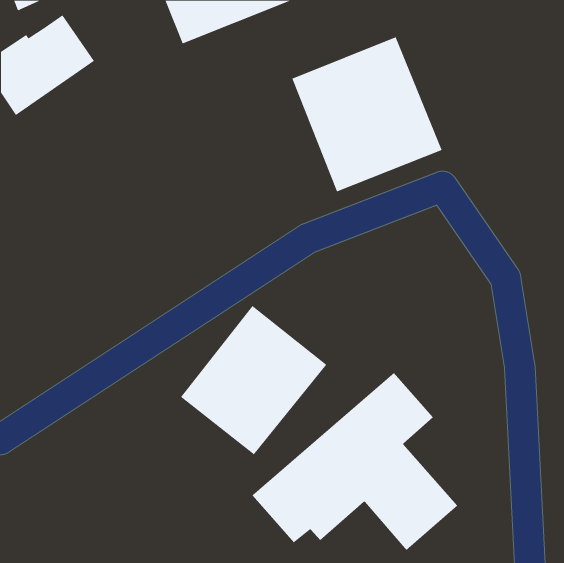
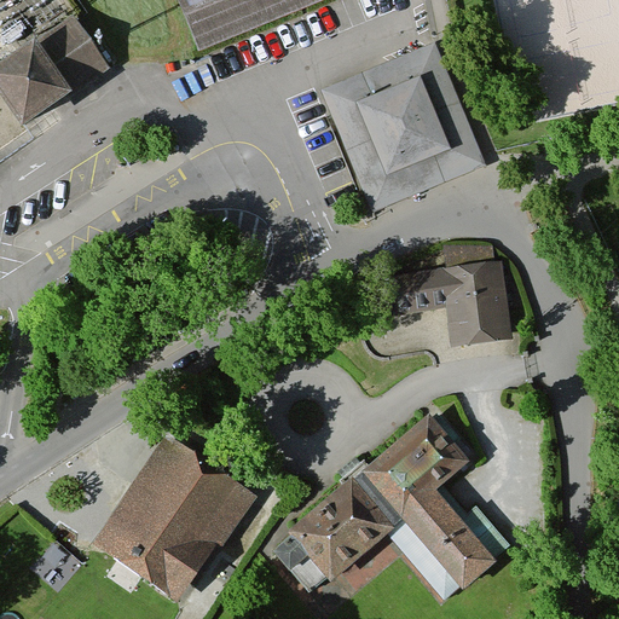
building: none -> [407,264,514,343]
building: [180,305,327,455] -> [94,432,255,596]

